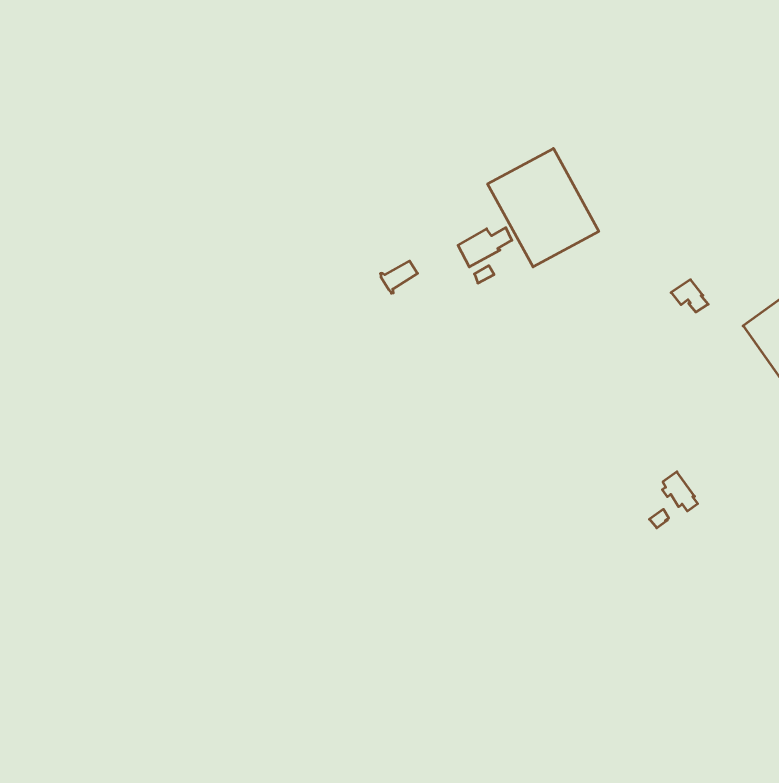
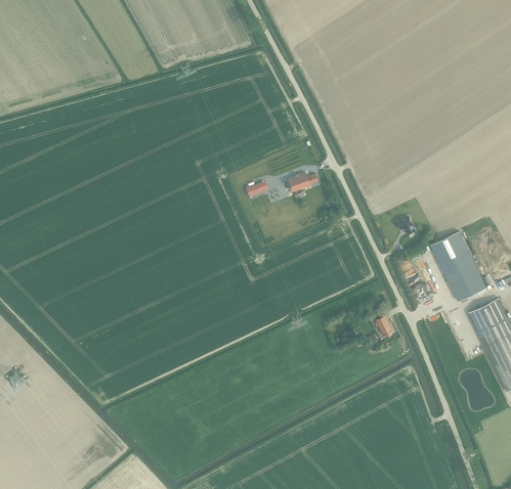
building: [488,148,599,267] -> none

